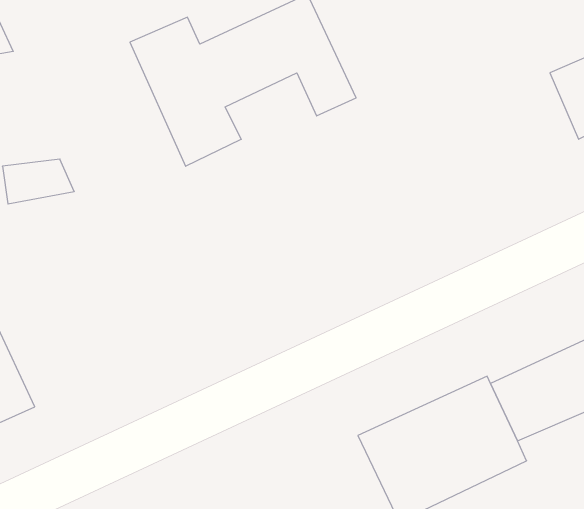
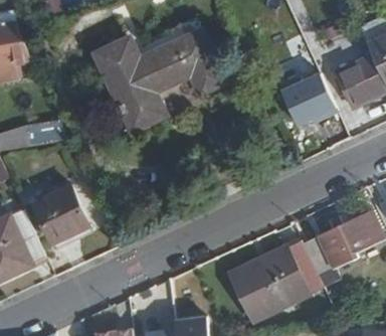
building: none -> [273,69,337,129]
building: none -> [34,184,89,242]

